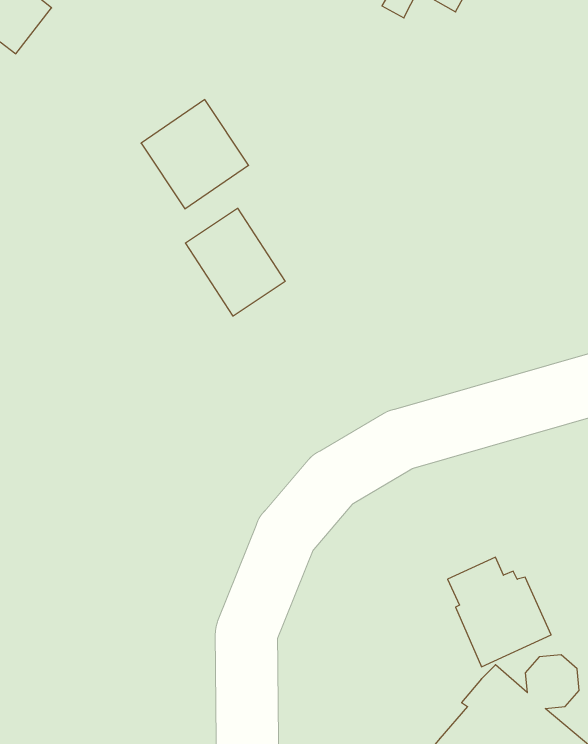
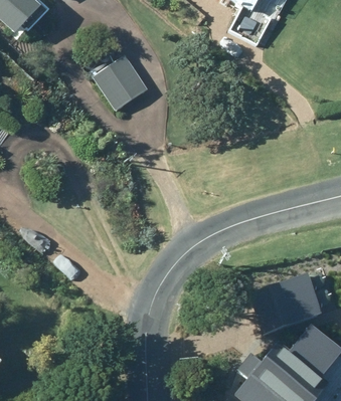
building: [185,208,285,316] -> none

